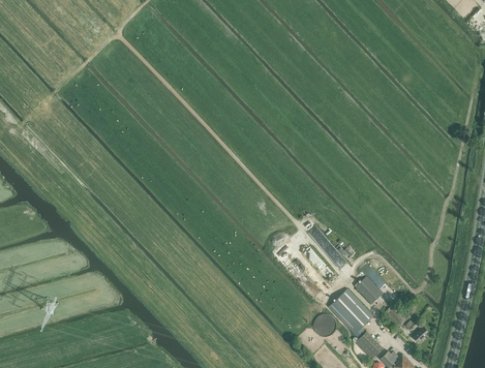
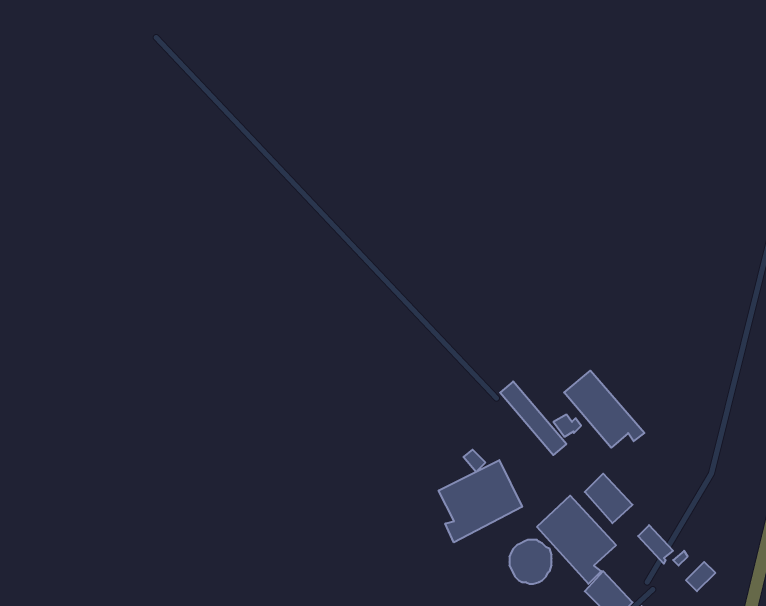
building: none -> [564,371,644,448]
building: none -> [439,460,522,542]

